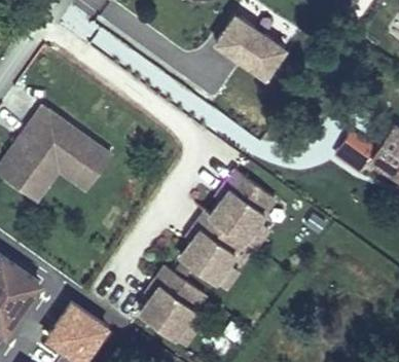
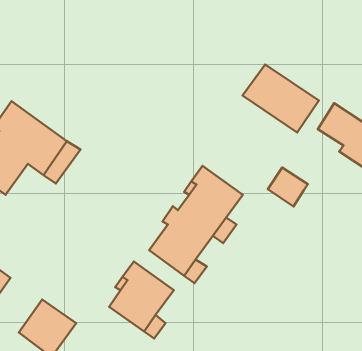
building: [208,13,284,81] -> [243,65,319,132]
building: [334,135,374,174] -> [268,168,308,207]

